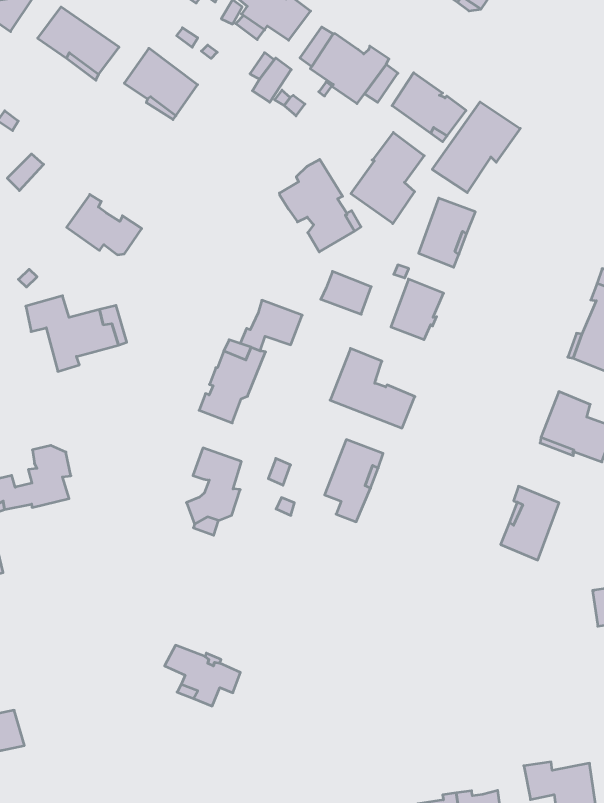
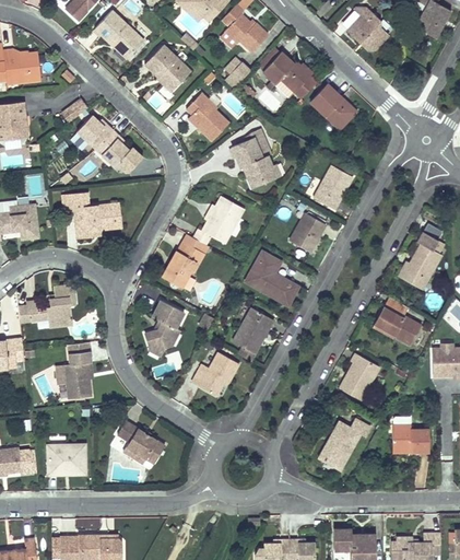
building: [432,102,520,193] -> none
building: none -> [186,93,228,140]
building: [351,132,424,224] -> none
building: none -> [76,115,113,149]
building: [321,271,371,314] -> [211,196,244,225]
building: none -> [191,351,238,395]
building: none -> [56,341,91,398]
building: none -> [318,418,370,469]
building: none -> [47,443,85,475]

